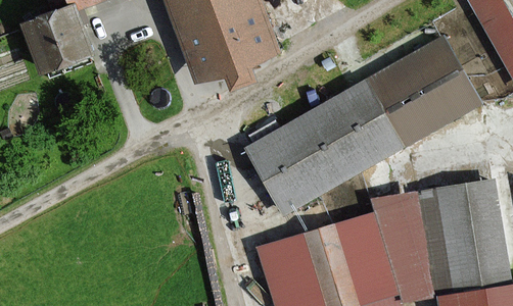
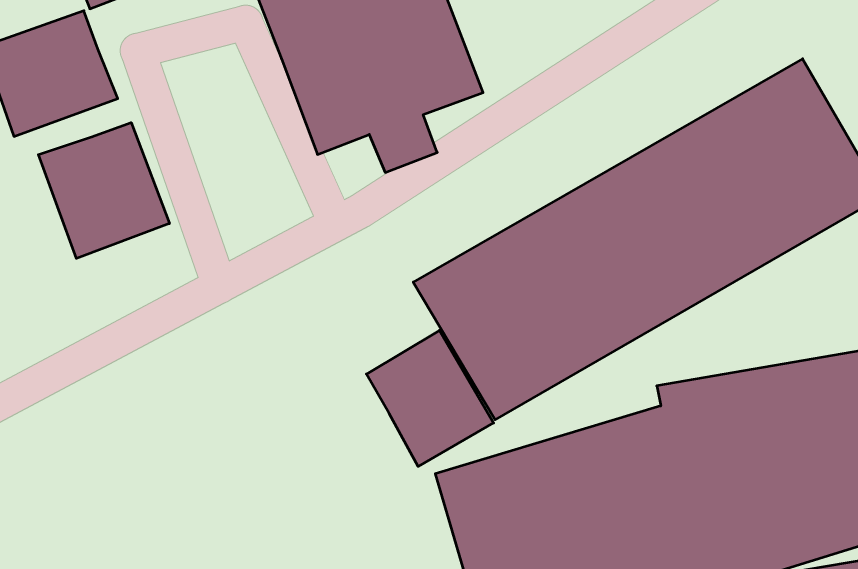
building: none -> [38,123,169,258]
building: none -> [366,330,494,466]

